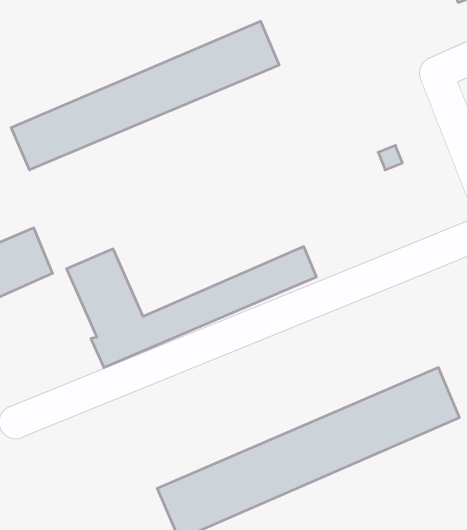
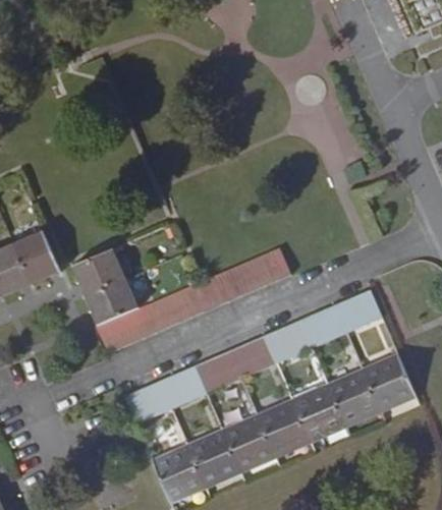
building: [11,21,279,170] -> none
building: none -> [124,289,383,424]

